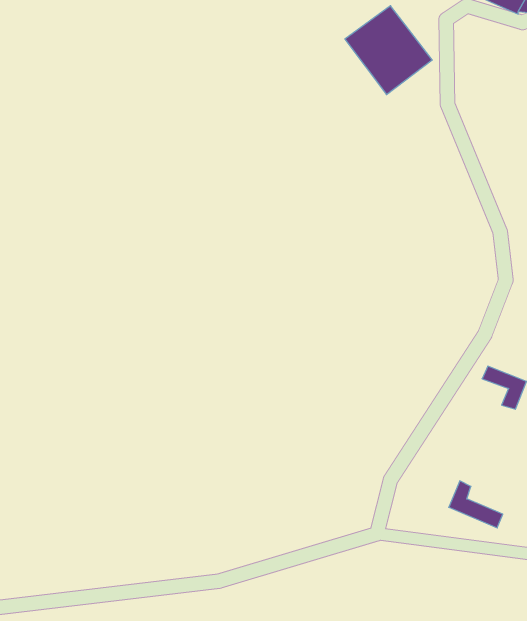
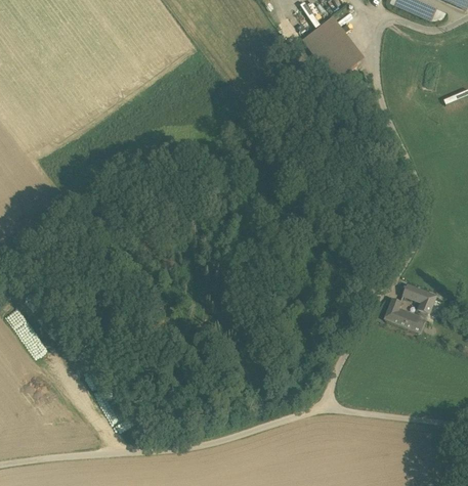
building: [449,481,503,528] -> [385,295,425,329]

